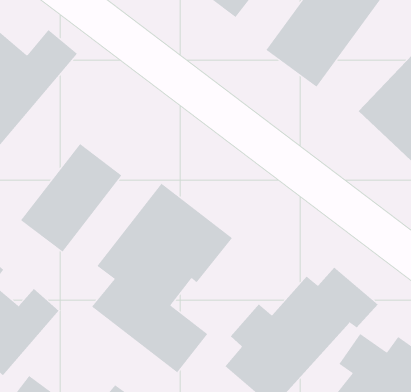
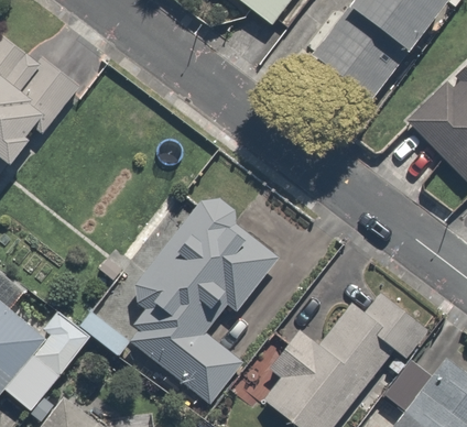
building: [20,143,122,252] -> none

